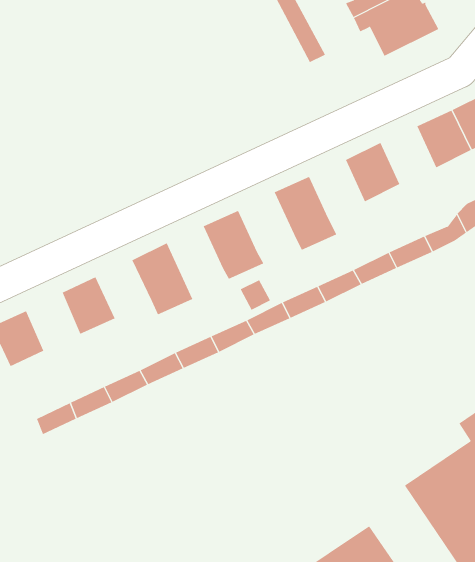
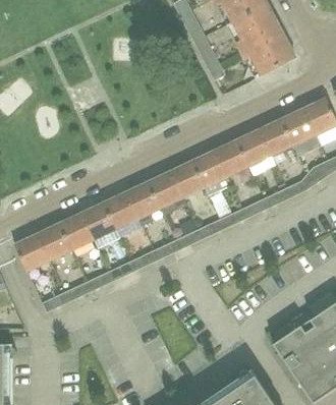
building: none -> [259,119,293,156]
building: none -> [214,140,248,177]
building: none -> [169,161,204,198]
building: none -> [124,182,159,228]
building: none -> [79,204,114,240]
building: none -> [36,224,69,261]

